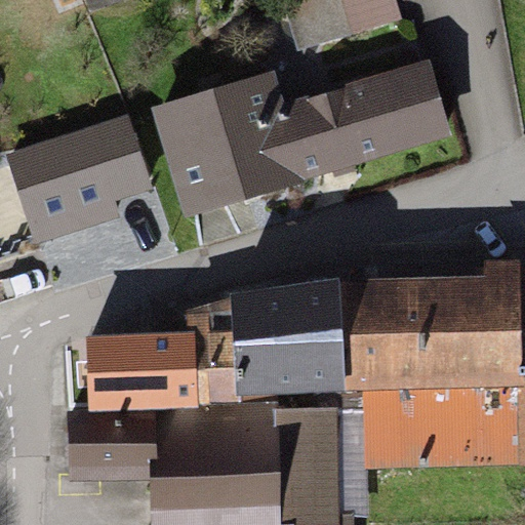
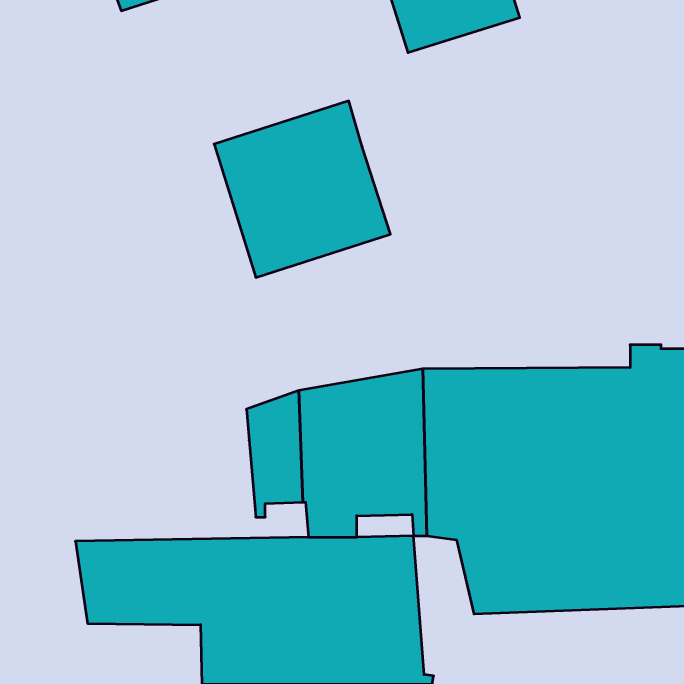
building: [279,67,443,178] -> none
building: [10,116,147,236] -> none
building: [91,335,198,397] -> none

